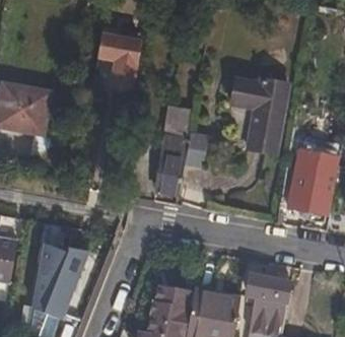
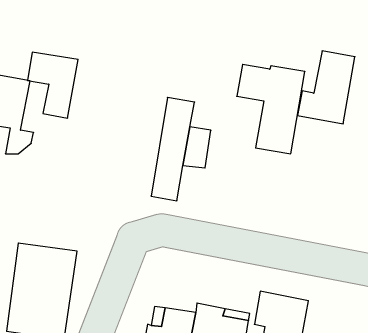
building: [96,33,140,90] -> [28,52,78,118]
building: [285,151,335,214] -> [297,51,355,124]

